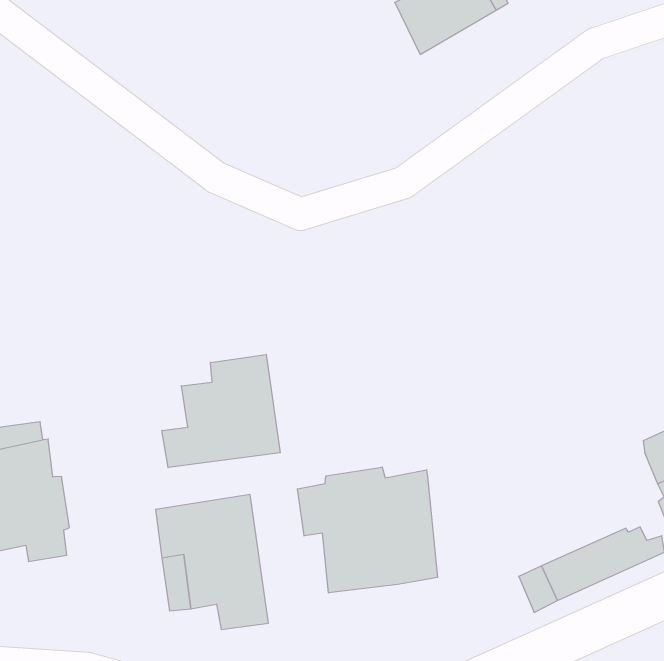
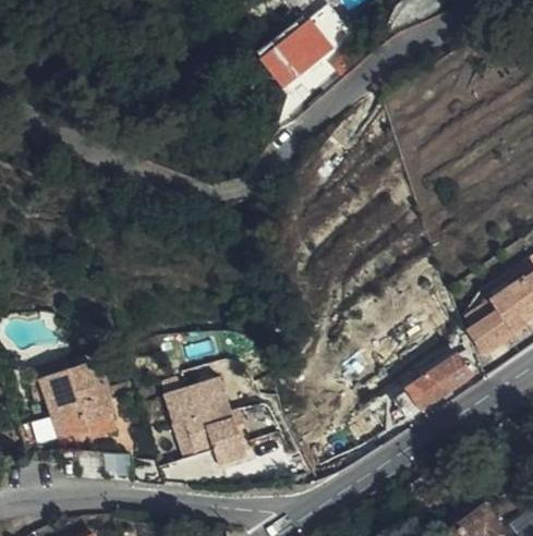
building: [162,354,280,468] -> none
building: [297,467,438,593] -> none

